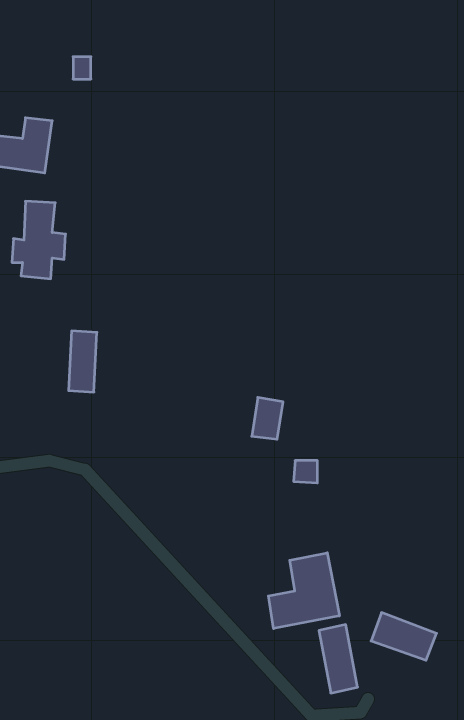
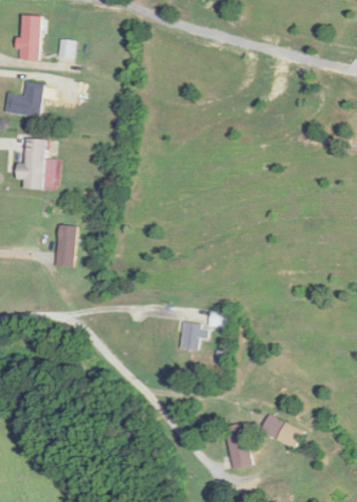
building: none -> [18,14,41,59]
building: [252,397,283,439] -> [180,321,201,349]
building: [268,553,339,629] -> none

